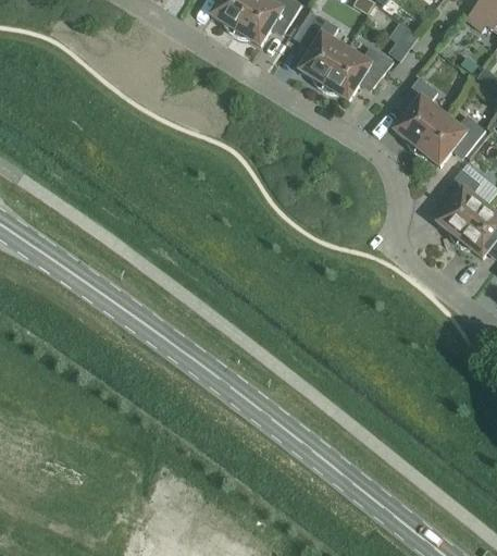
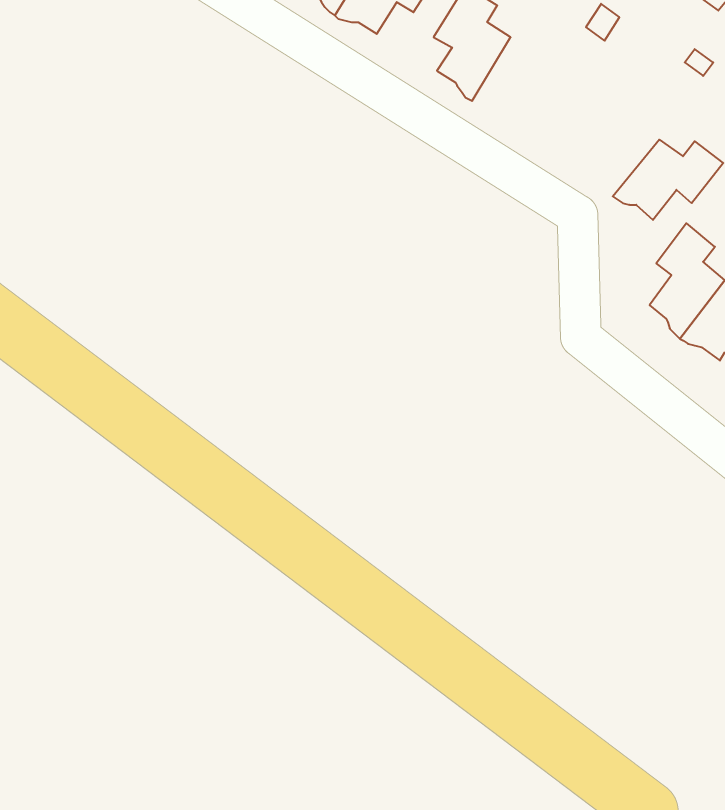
building: [323,46,394,99] -> none
building: [395,76,445,150] -> none

